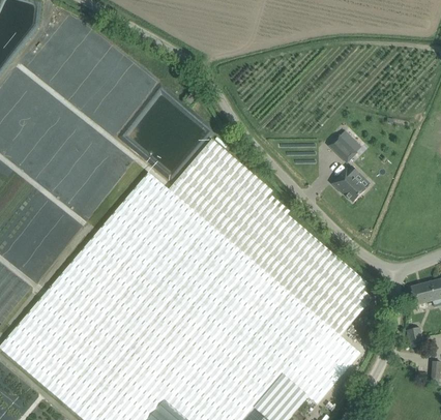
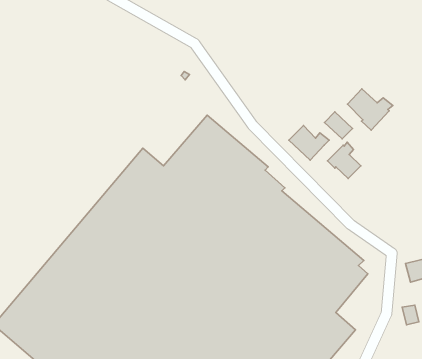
building: none -> [347,89,393,130]
building: none -> [289,125,329,160]

